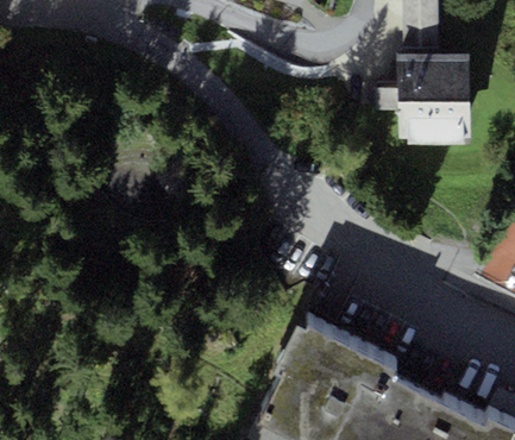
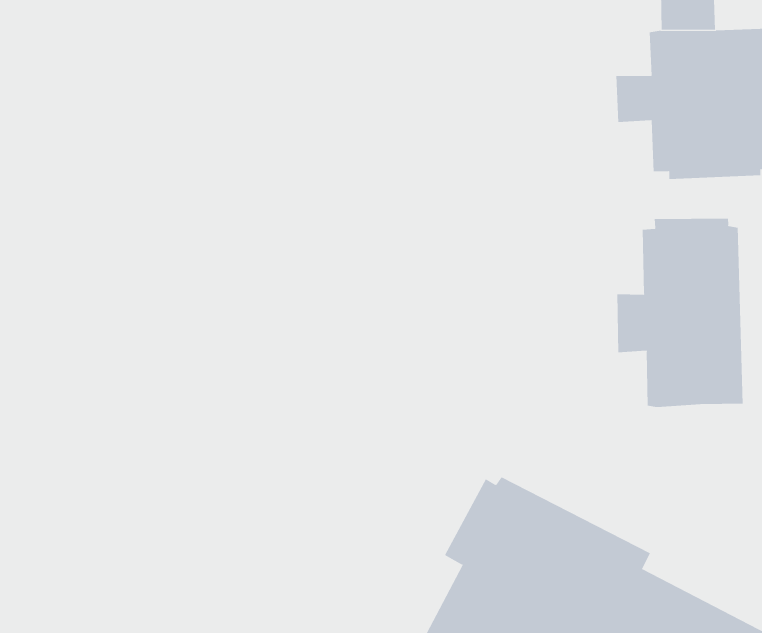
building: none -> [617,218,743,408]

